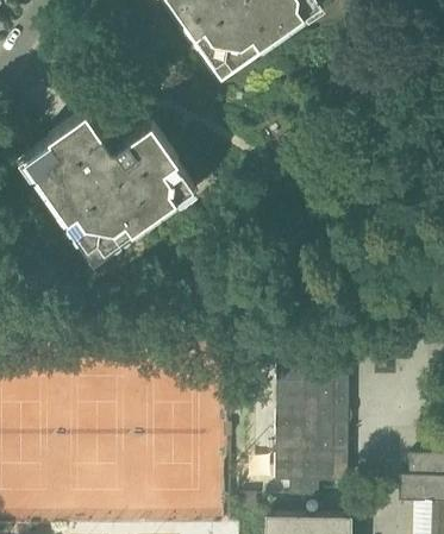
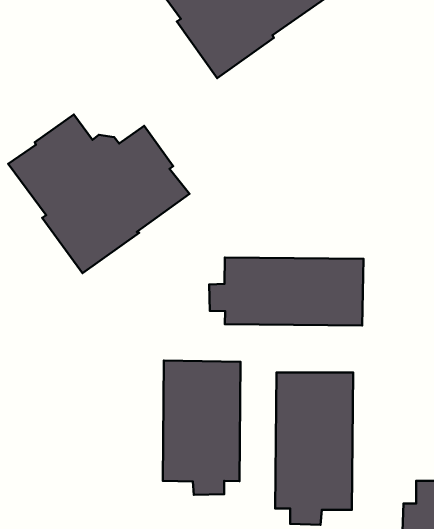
building: none -> [209,257,363,325]
building: none -> [163,361,240,495]

